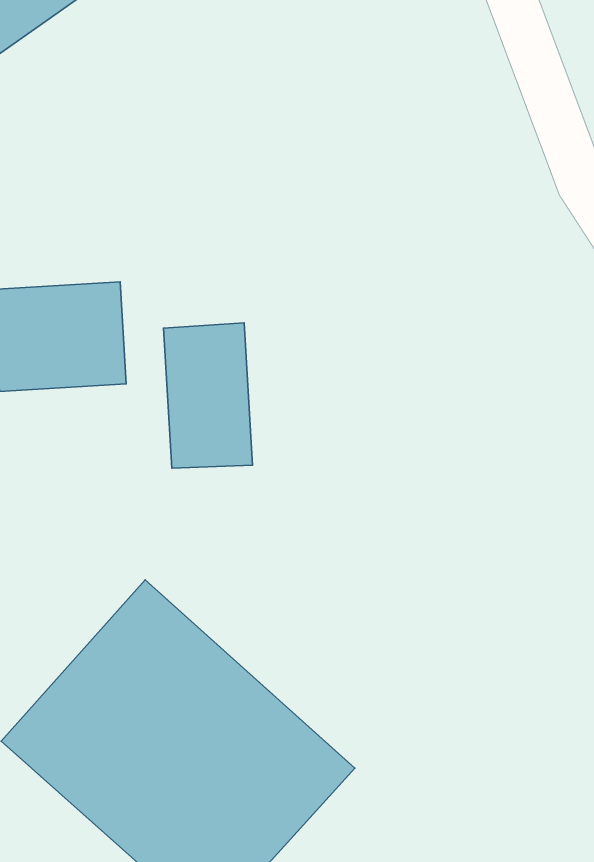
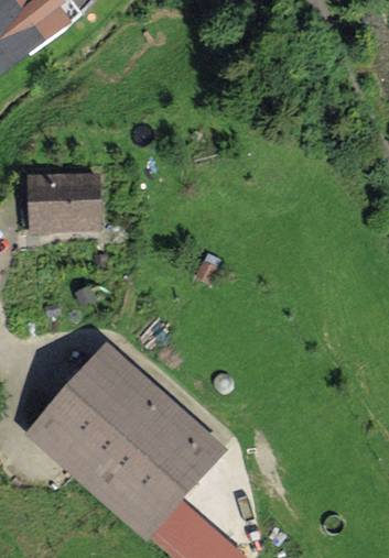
building: [164,323,253,468] -> none

